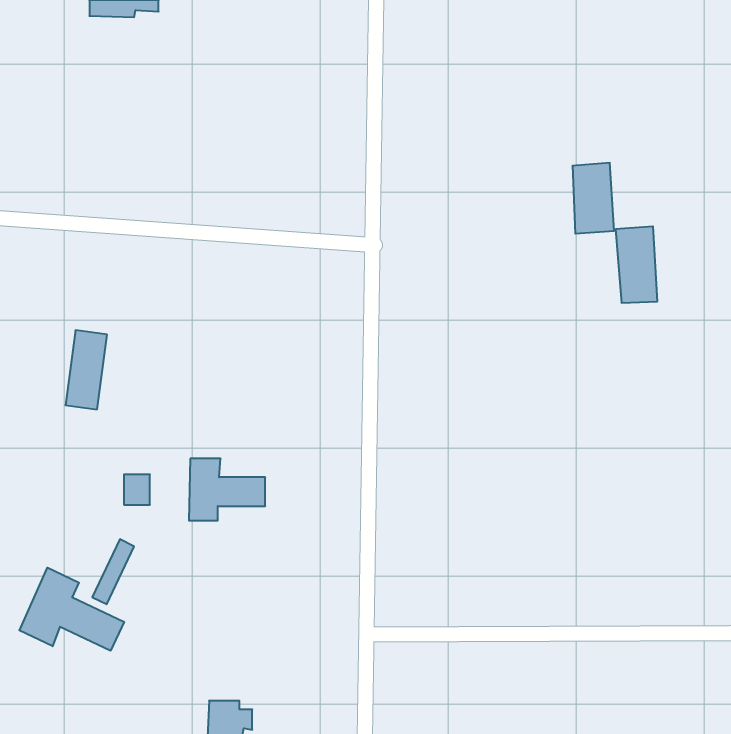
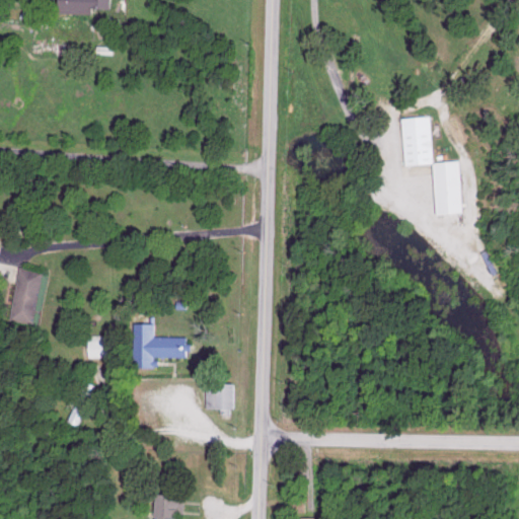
building: [65,330,107,409] -> [9,268,39,323]
building: none -> [206,384,233,410]
building: [19,568,124,651] -> none

